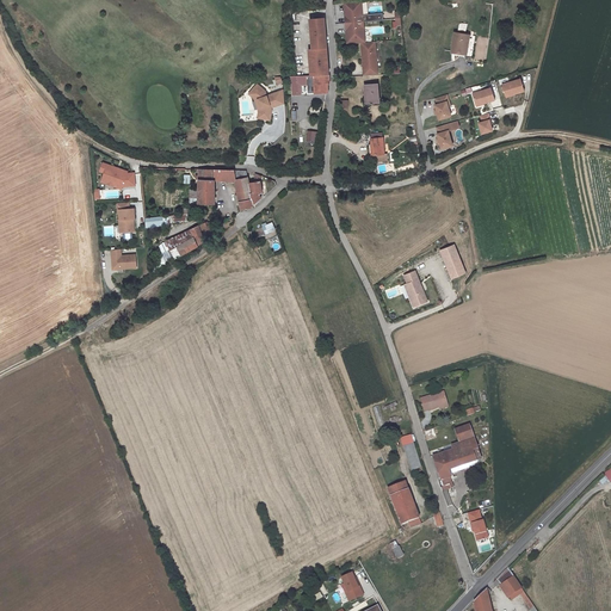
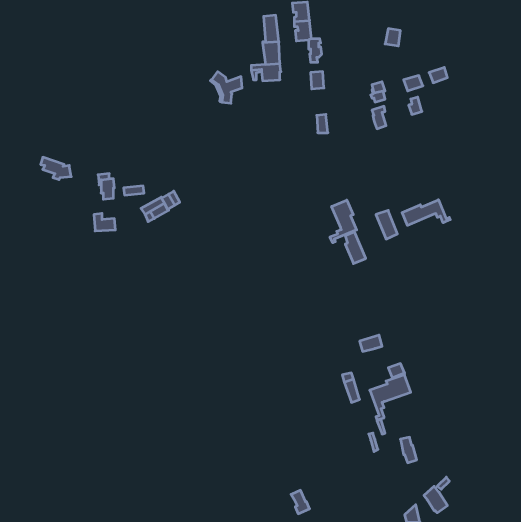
building: [99,162,135,189] -> [41,157,71,180]
building: [196,169,261,210] -> none
building: none -> [402,200,450,225]
building: none -> [330,200,357,243]
building: [387,481,420,527] -> none

